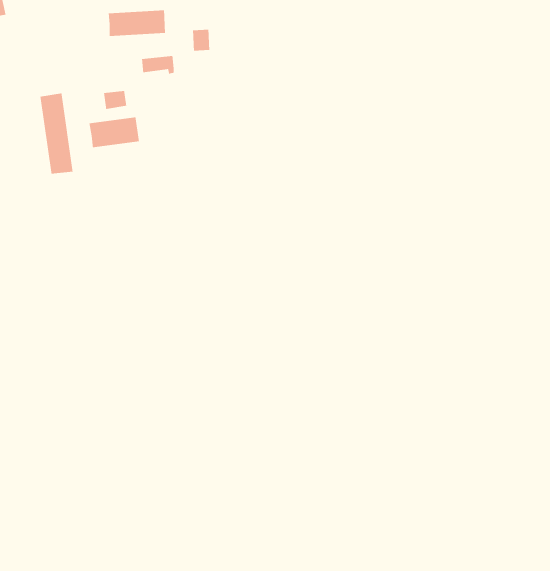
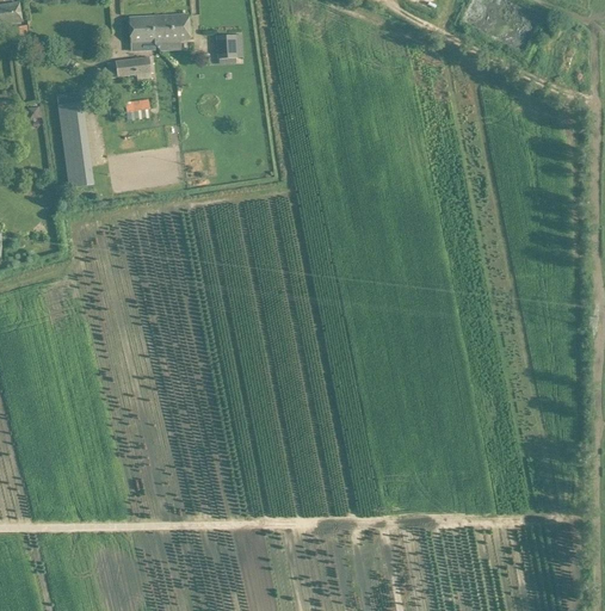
building: [141,55,174,74] -> [116,56,150,76]
building: [88,116,140,148] -> none

